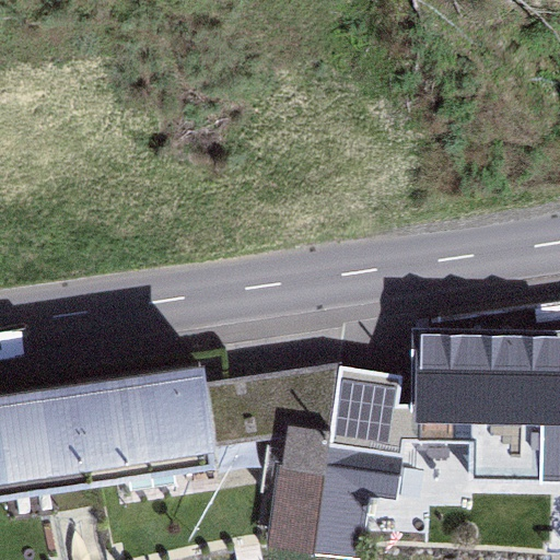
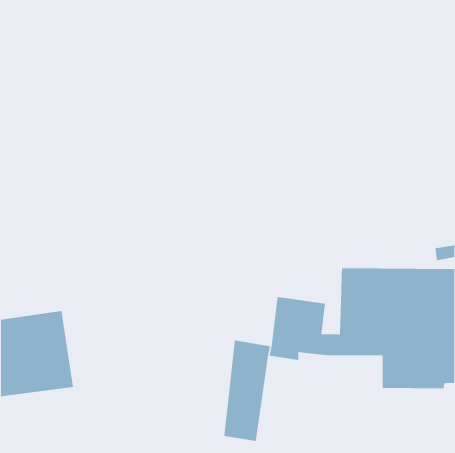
building: [77,366,279,485] -> none
building: [315,435,404,550] -> none

